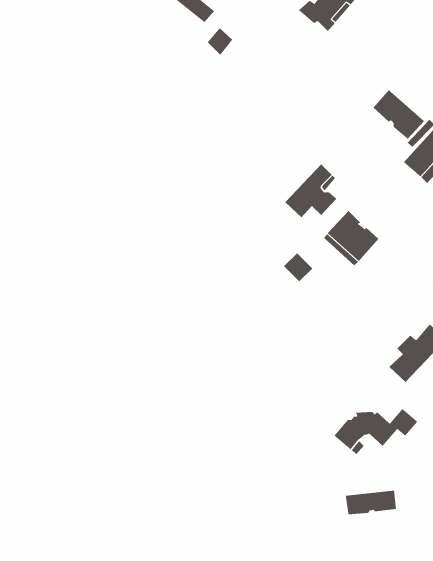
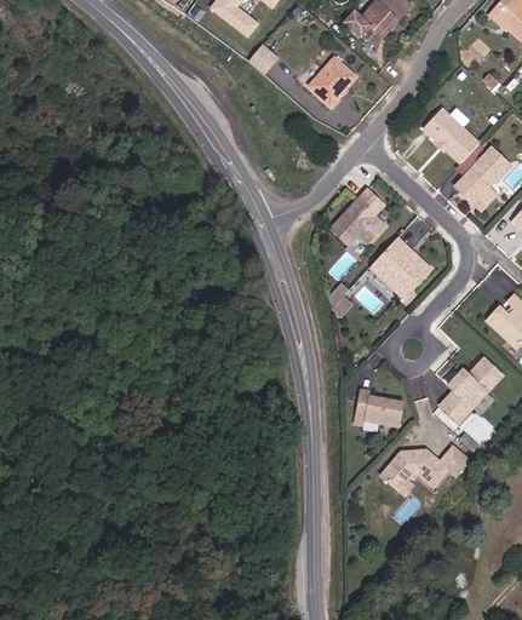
building: none -> [304,57,351,108]
building: none -> [356,386,403,423]
building: [345,490,397,515] -> none

